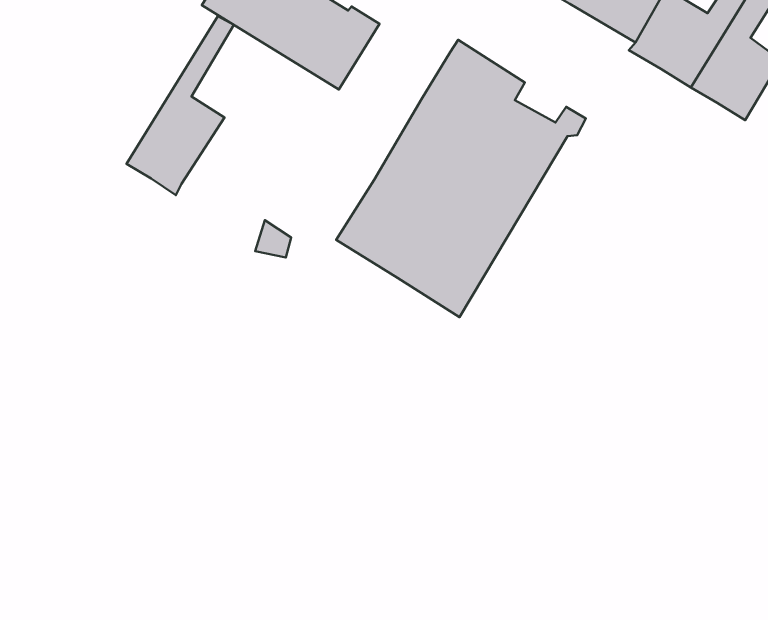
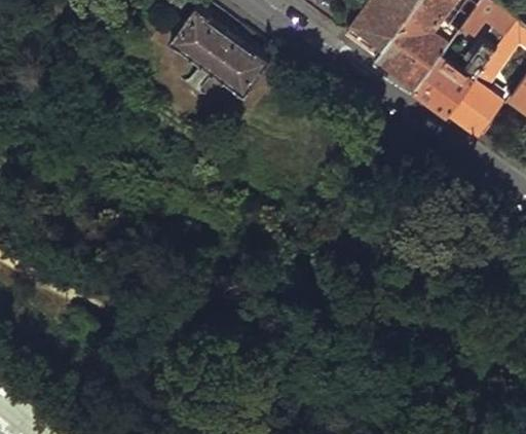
building: [127,16,234,195] -> none
building: [336,40,586,317] -> none

